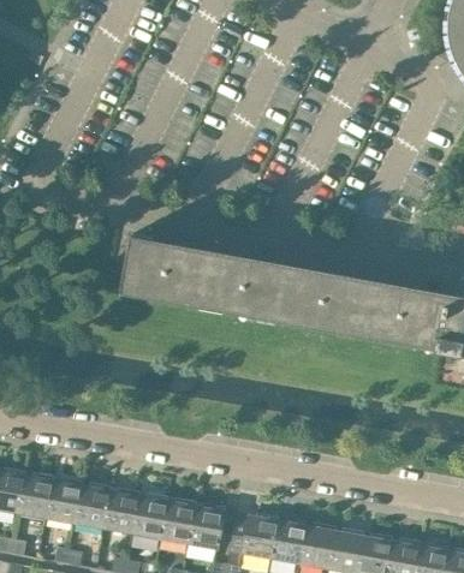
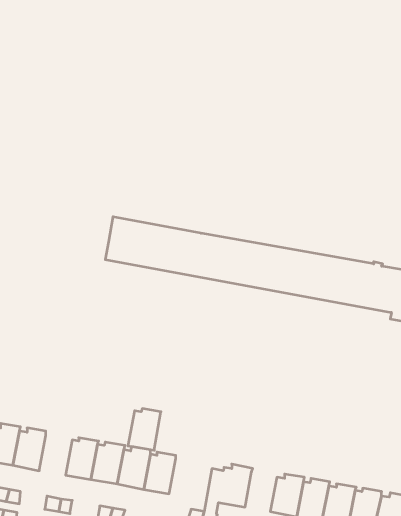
building: [49,479,87,525] -> none
building: [191,505,227,550] -> [128,409,161,450]
building: [274,519,310,565] -> none

